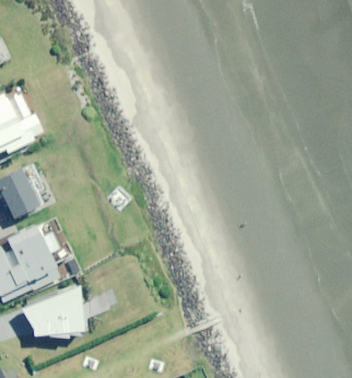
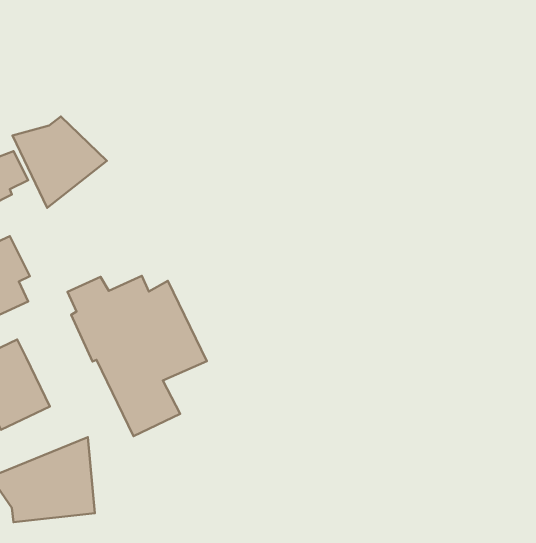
building: none -> [13,117,107,208]
building: none -> [68,276,207,436]

